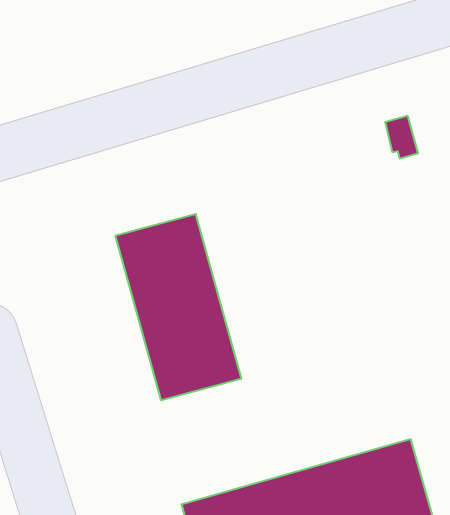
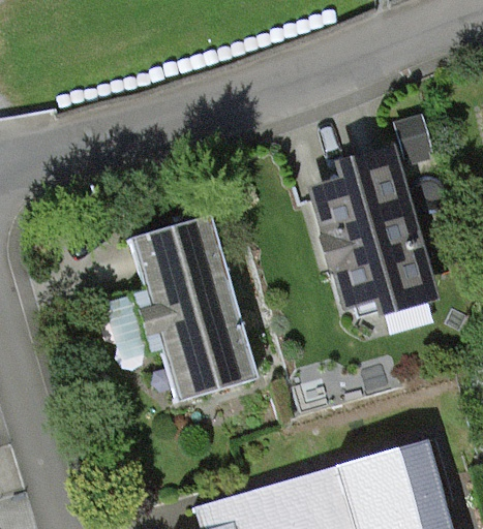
building: none -> [321,156,428,306]

